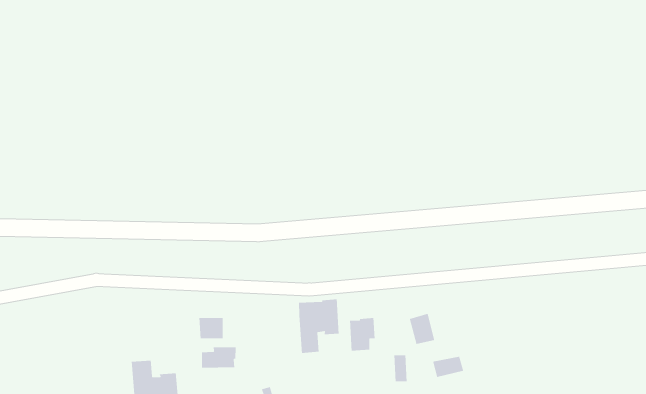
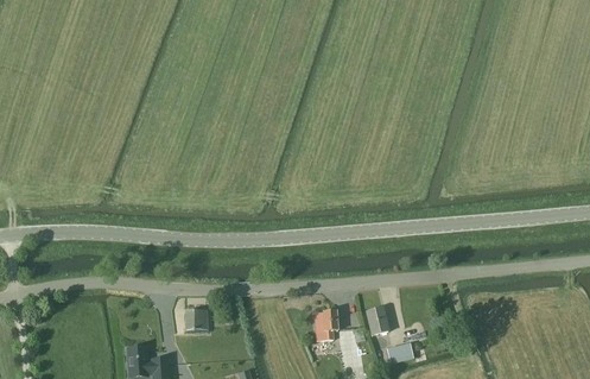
building: [298,299,339,354] -> none
building: [201,346,236,368] -> none

